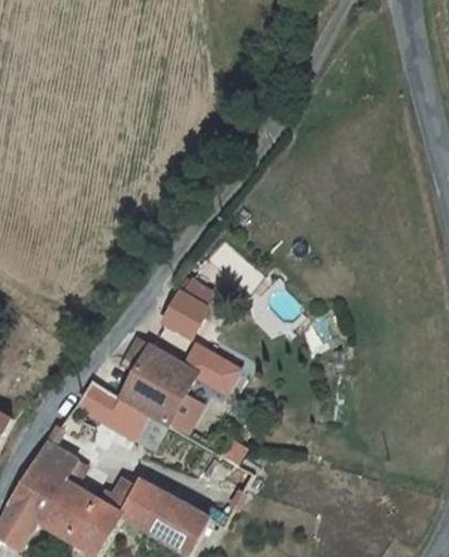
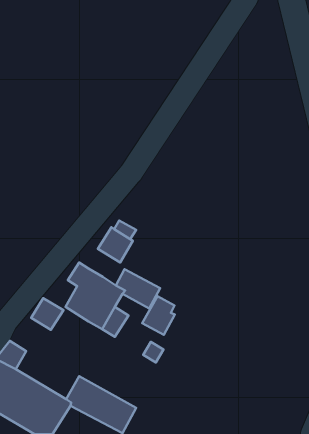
building: none -> [142,296,175,335]
building: [105,391,151,435] -> none

